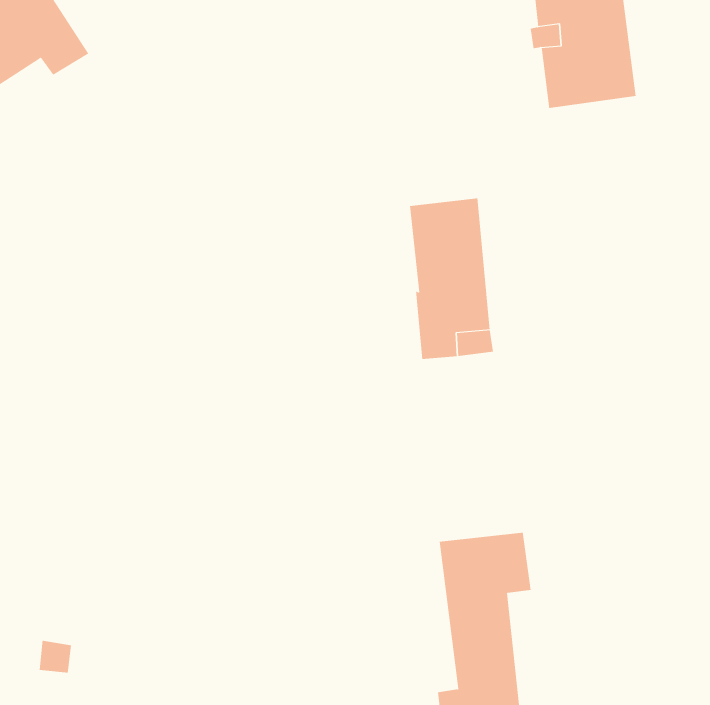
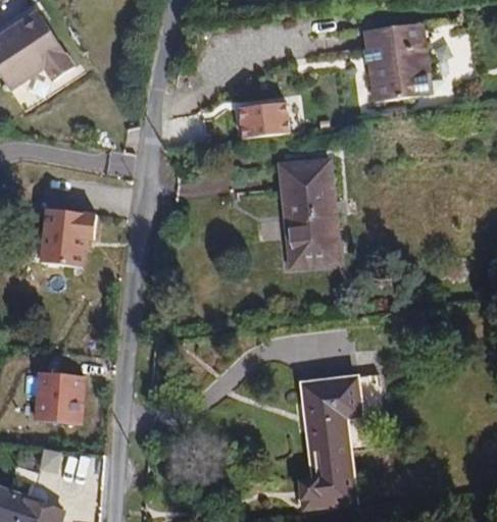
building: none -> [240,101,290,135]
building: none -> [38,208,94,267]
building: none -> [33,372,83,424]

